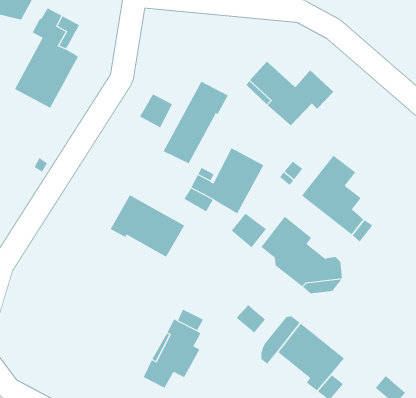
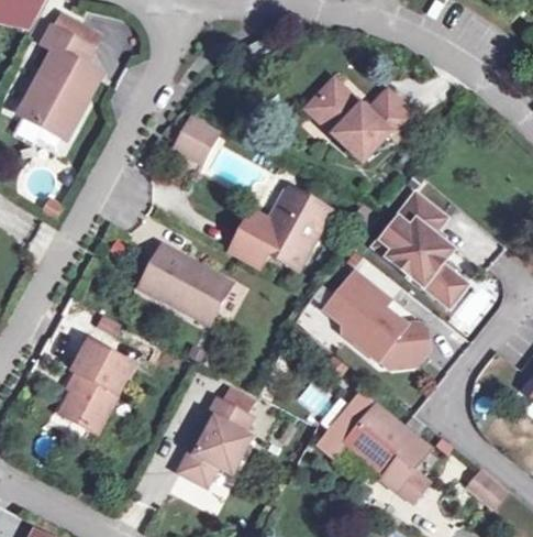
building: [163,81,229,164] -> none
building: [231,213,267,248] -> none
building: none -> [59,340,132,431]

